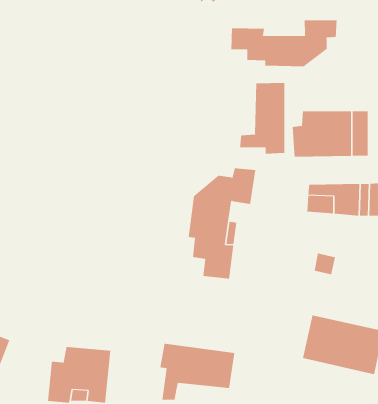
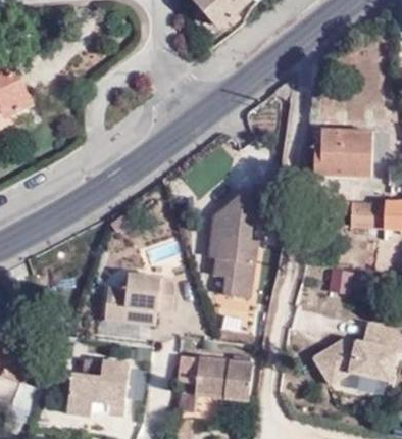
building: [231,20,337,67] -> none
building: [239,82,285,154] -> none
building: none -> [106,275,175,326]

